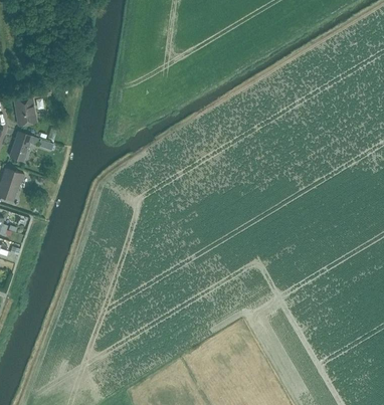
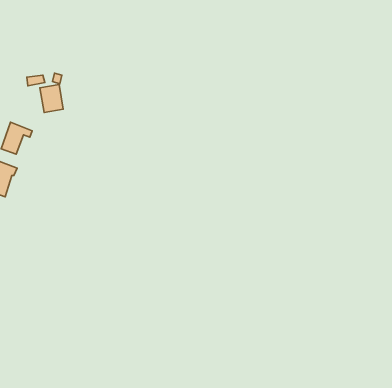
building: [14,98,36,125] -> [40,85,63,112]

